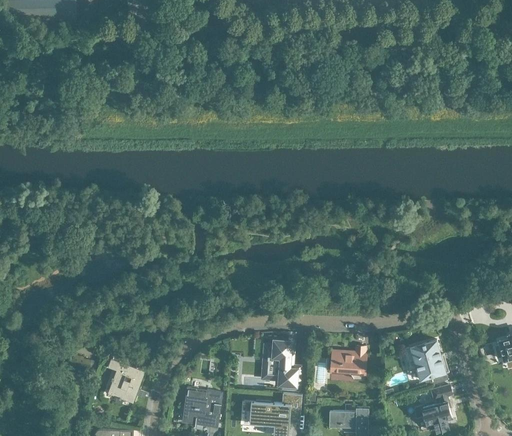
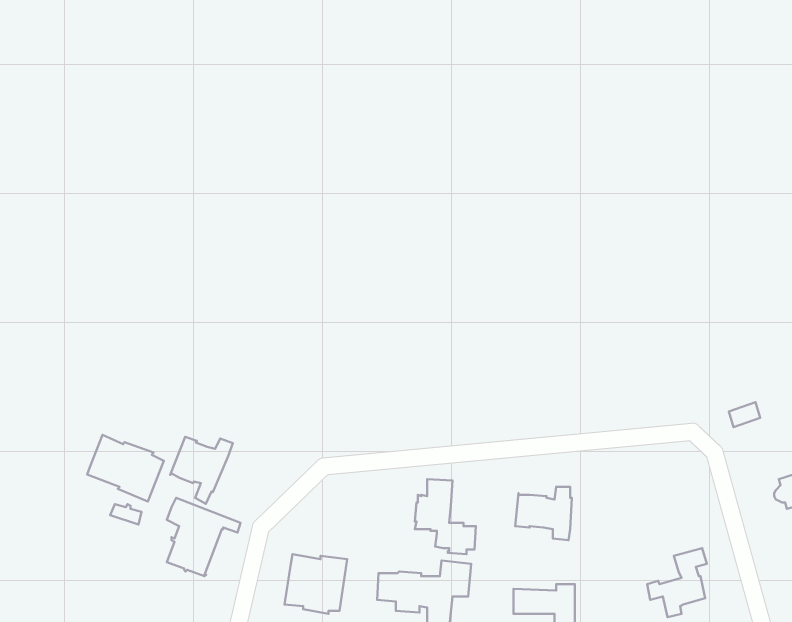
building: none -> [87,435,164,501]
building: none -> [170,437,233,504]
building: [406,340,446,386] -> none

